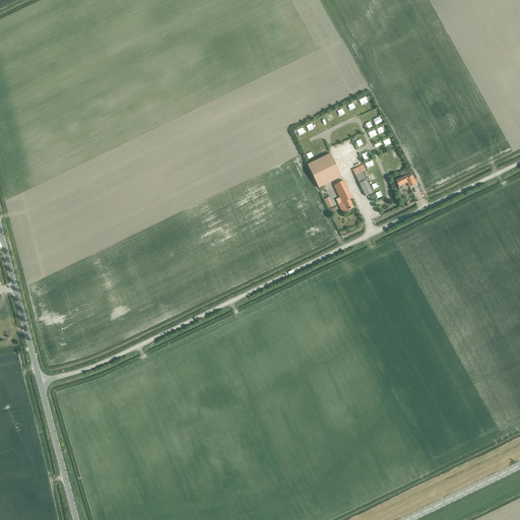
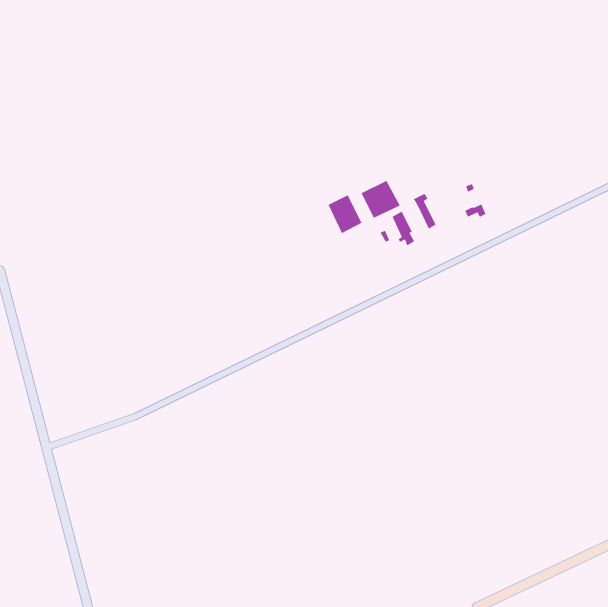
building: none -> [328,194,363,234]

